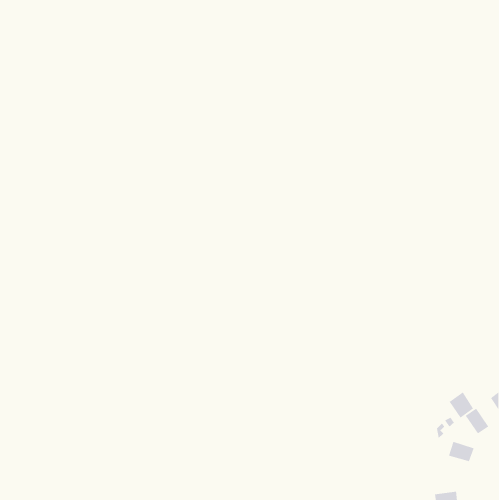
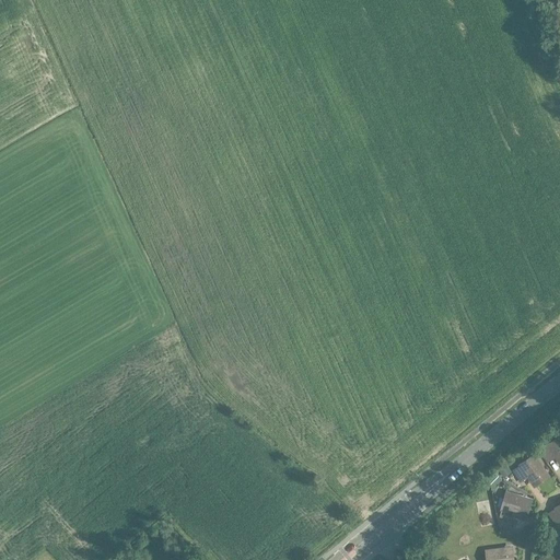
building: [449,391,474,419] -> none

